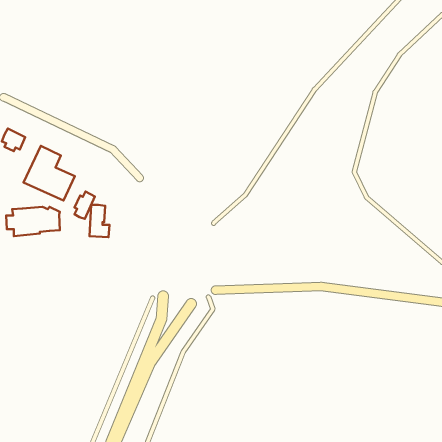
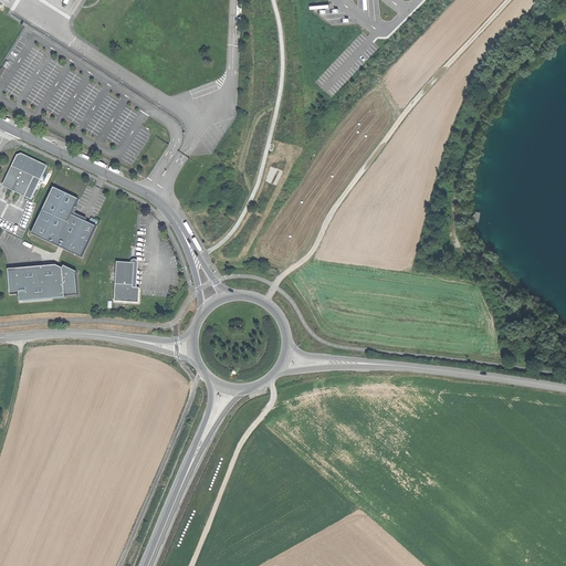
building: none -> [10,153,44,198]
building: [74,192,95,219] -> none

